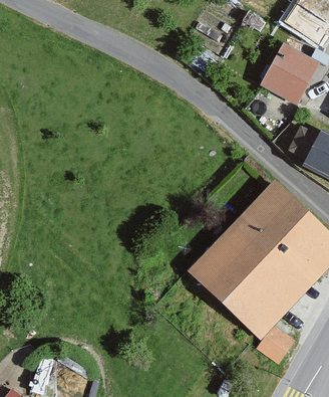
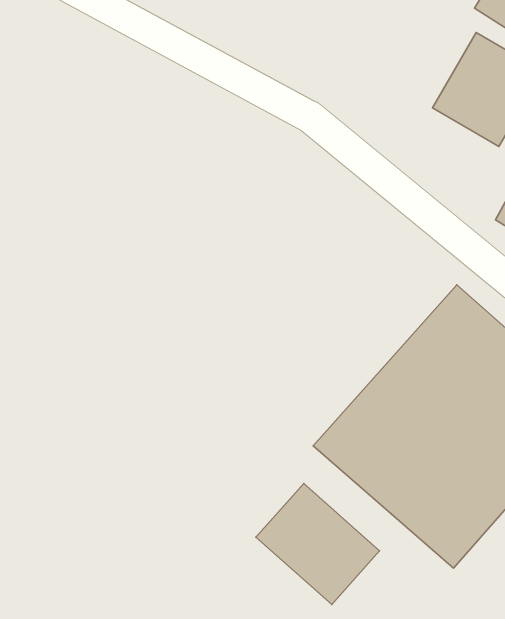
building: none -> [256,484,380,604]

